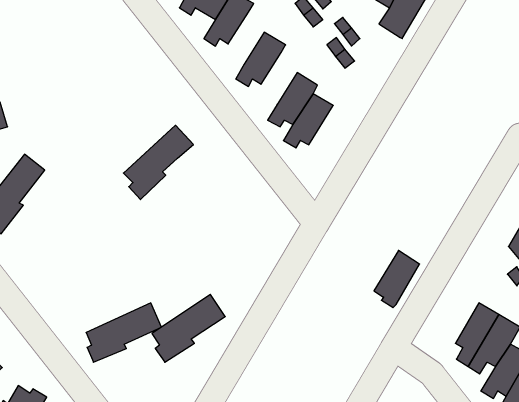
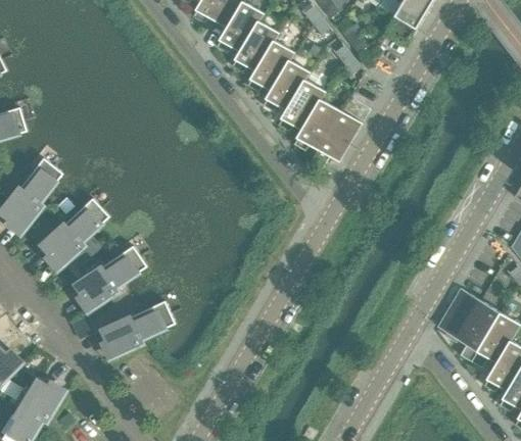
building: none -> [231,20,279,72]
building: none -> [262,59,310,111]
building: none -> [307,110,361,170]
building: [123,125,193,200] -> [42,198,109,270]
building: [374,250,420,308] -> [436,287,480,342]
building: [152,294,225,362] -> [76,245,146,310]

